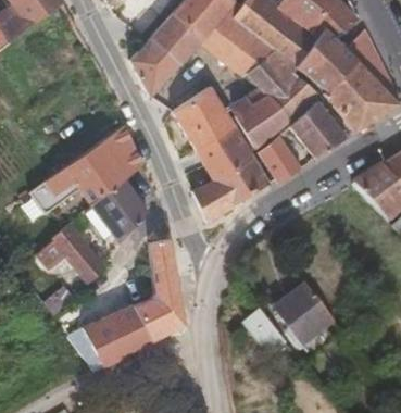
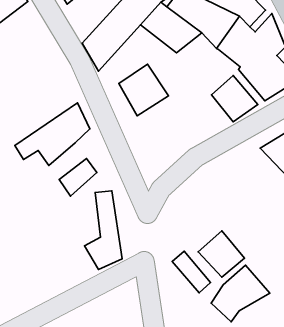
building: [237,43,319,143] -> none
building: [195,122,273,218] -> none
building: [260,132,302,179] -> none
building: [89,180,136,226] -> none
building: [53,230,97,285] -> none
building: [72,309,153,372] -> none
building: none -> [211,265,270,322]

